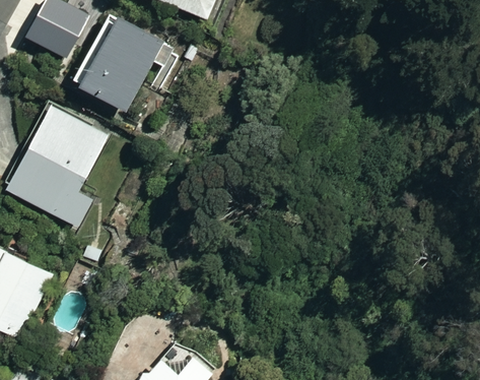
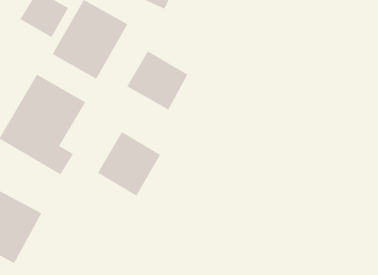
building: none -> [127,50,188,111]
building: none -> [97,131,161,197]

